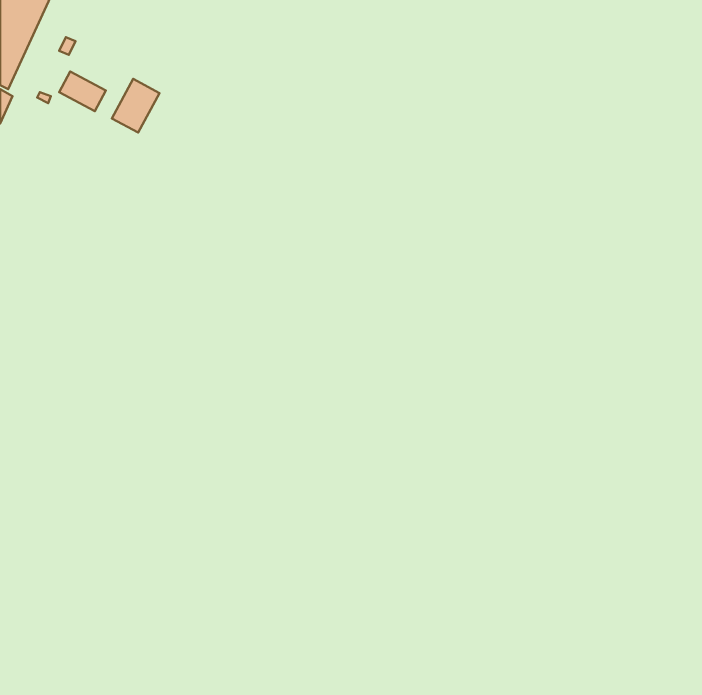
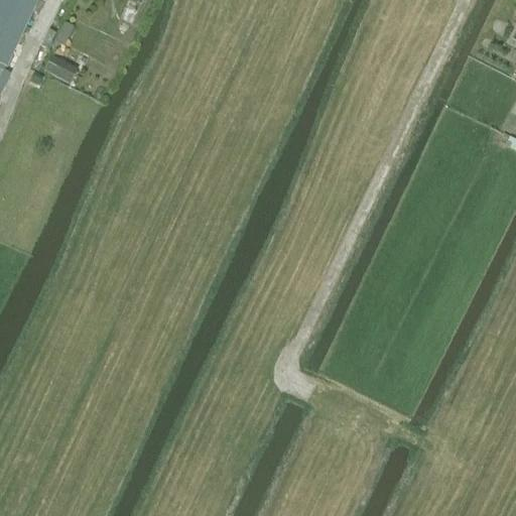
building: [112,79,159,133] -> none

